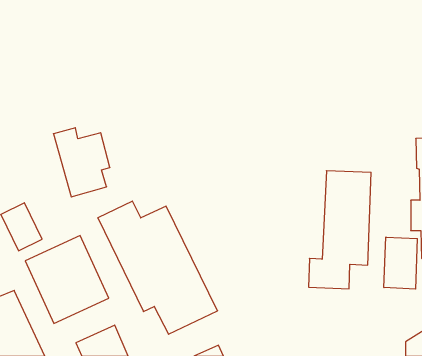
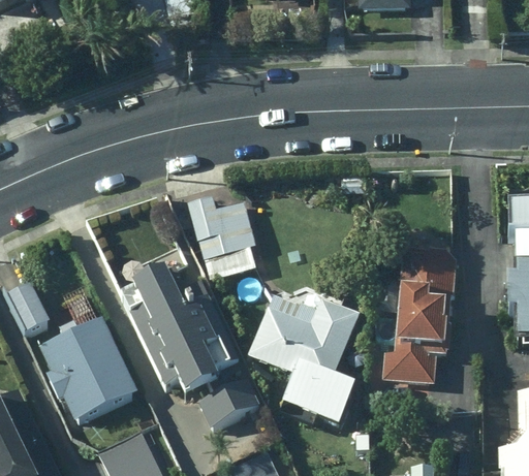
building: [53,128,110,197] -> [188,195,257,280]
building: none -> [250,293,370,431]
building: [384,237,417,289] -> none

